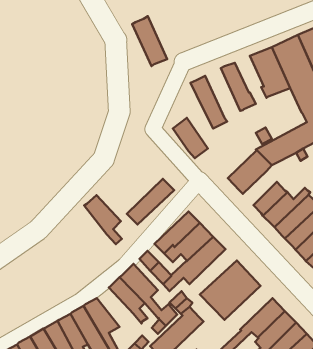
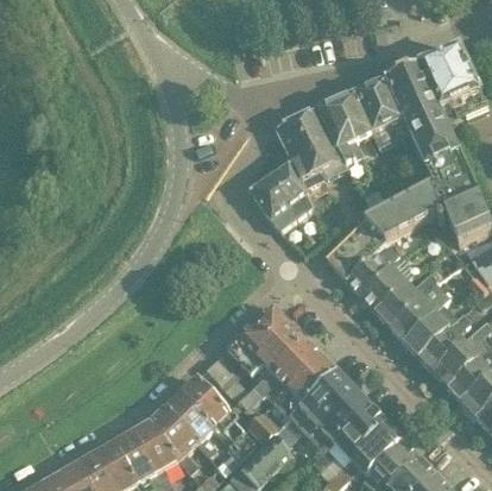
building: [132,16,167,66] -> [294,107,341,175]
building: none -> [334,90,373,140]
building: none -> [269,160,311,216]
building: none -> [345,247,391,294]
building: [127,179,174,224] -> [272,353,336,415]
building: [84,195,122,244] -> [146,405,197,472]
building: none -> [311,403,385,468]

